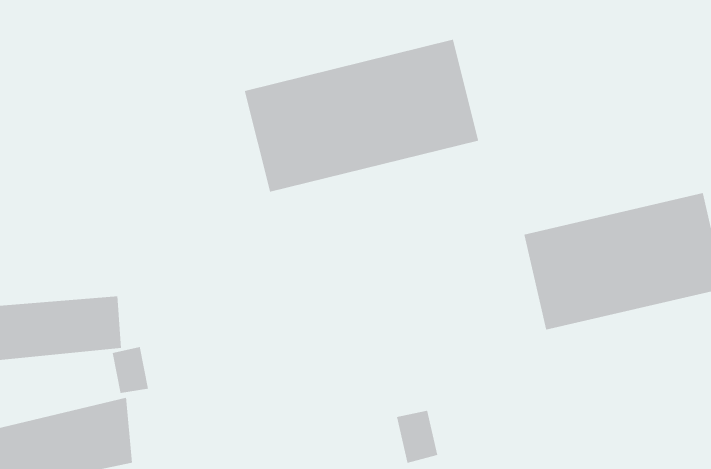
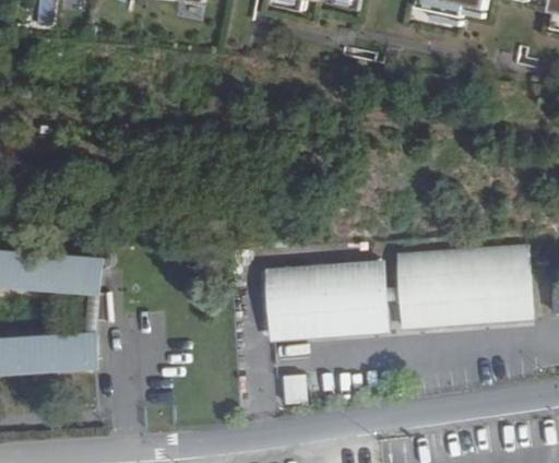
building: [244,39,479,193] -> none
building: none -> [264,261,388,337]

